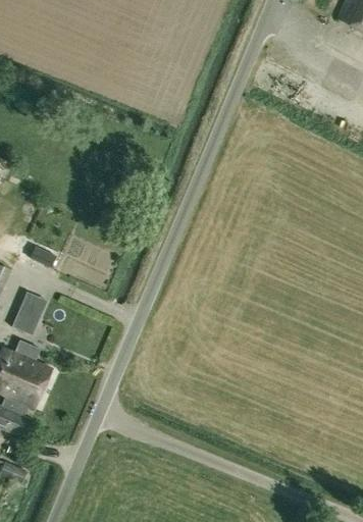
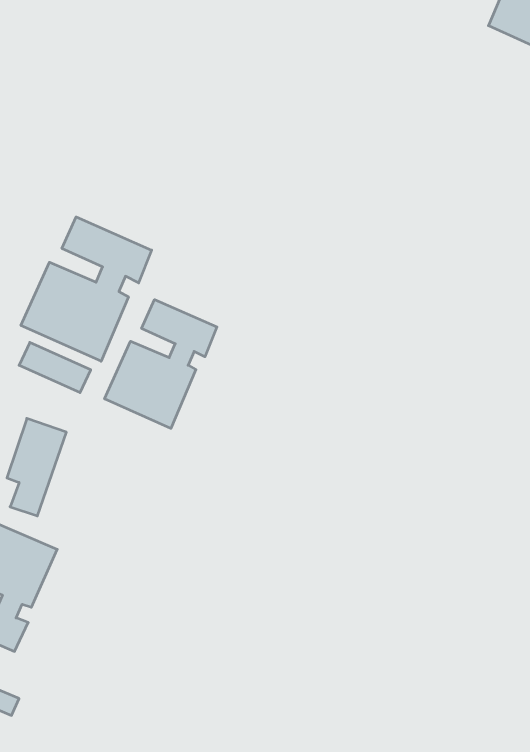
building: none -> [21,217,152,361]
building: none -> [105,300,217,428]

